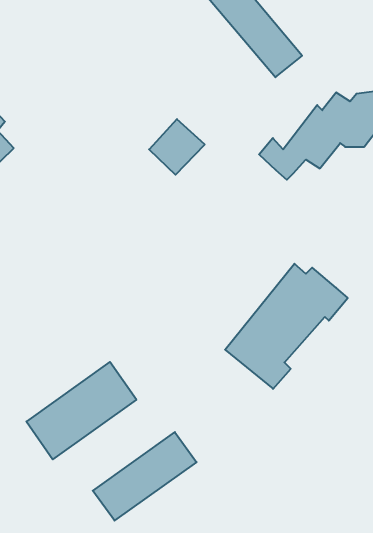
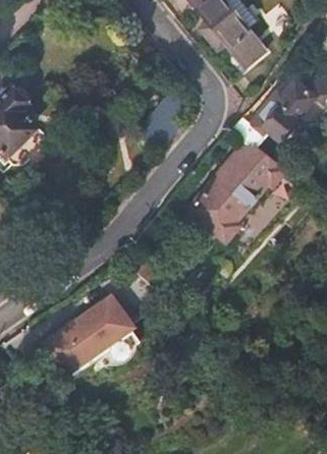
building: [225,264,348,389] -> [189,141,288,242]
building: [93,432,197,521] -> none

